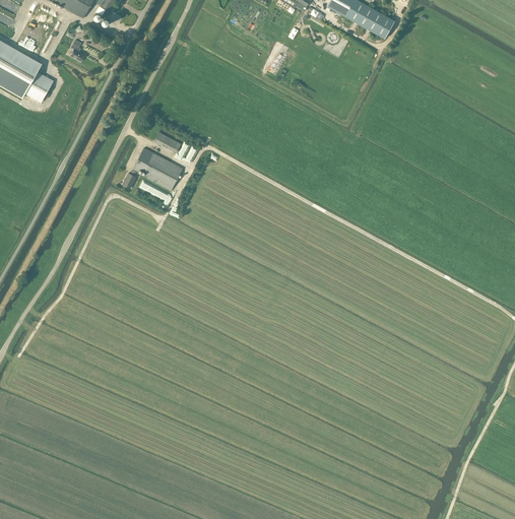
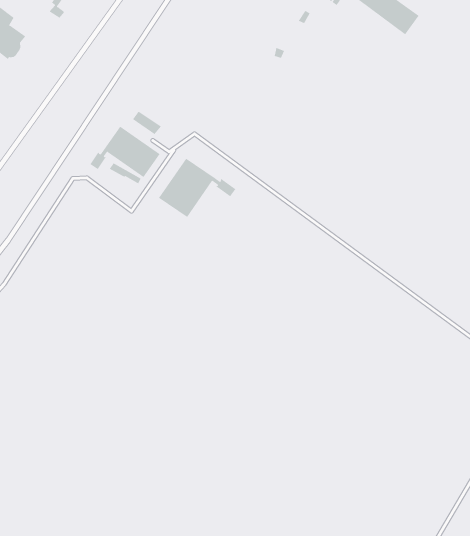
building: none -> [158,158,236,218]

